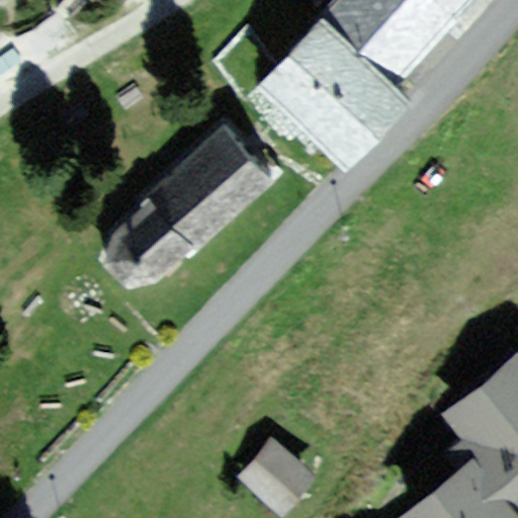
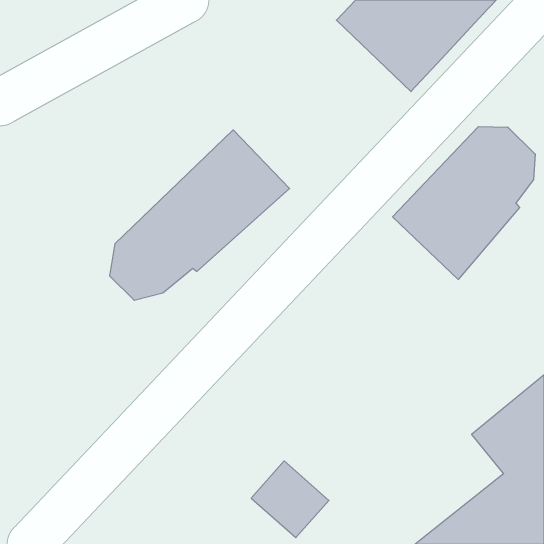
building: [259,19,403,162] -> none
building: none -> [393,127,535,279]

